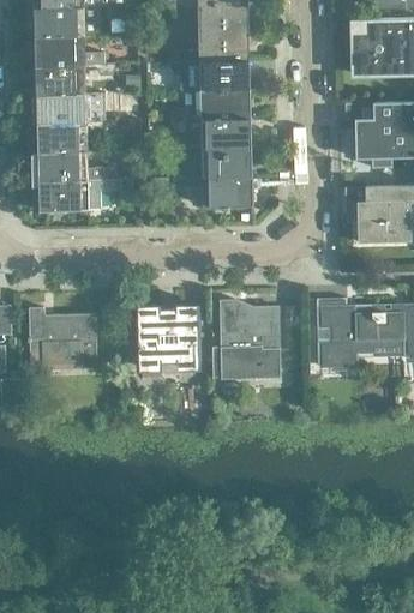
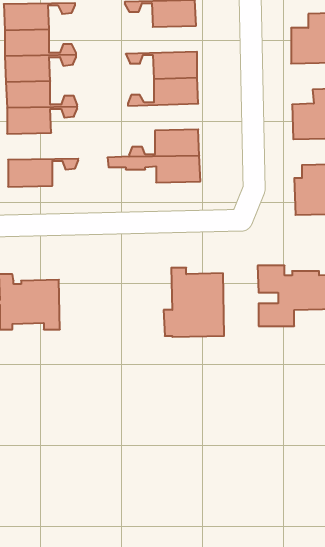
building: [169,32,248,64] -> none
building: [172,119,250,149] -> none
building: [37,151,116,181] -> none
building: [136,305,199,366] -> none

